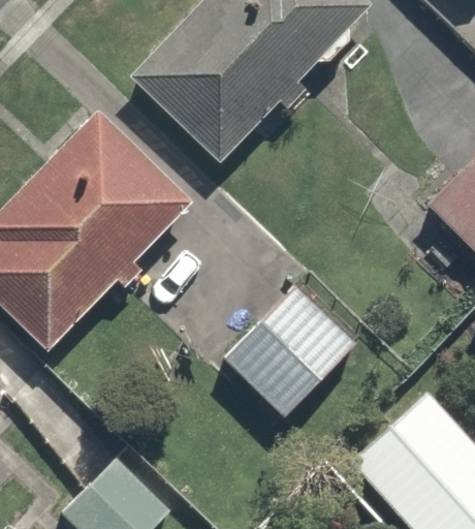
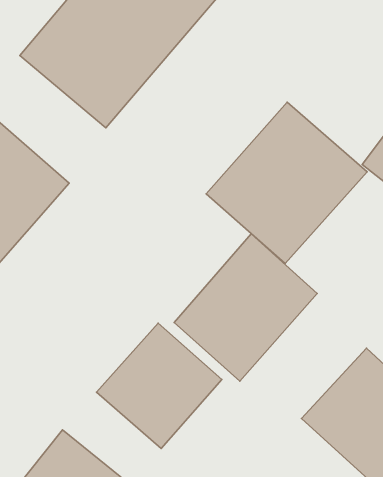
building: none -> [206,102,367,264]
building: none -> [96,323,222,448]

